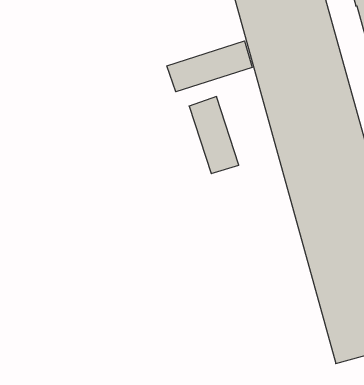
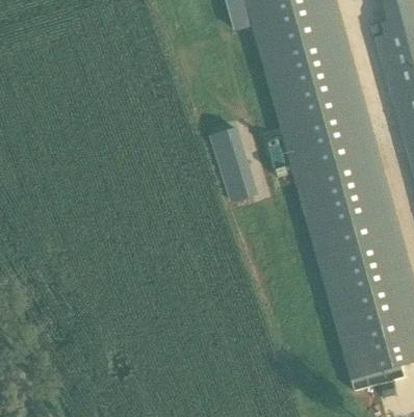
building: [167,41,252,92] -> none

